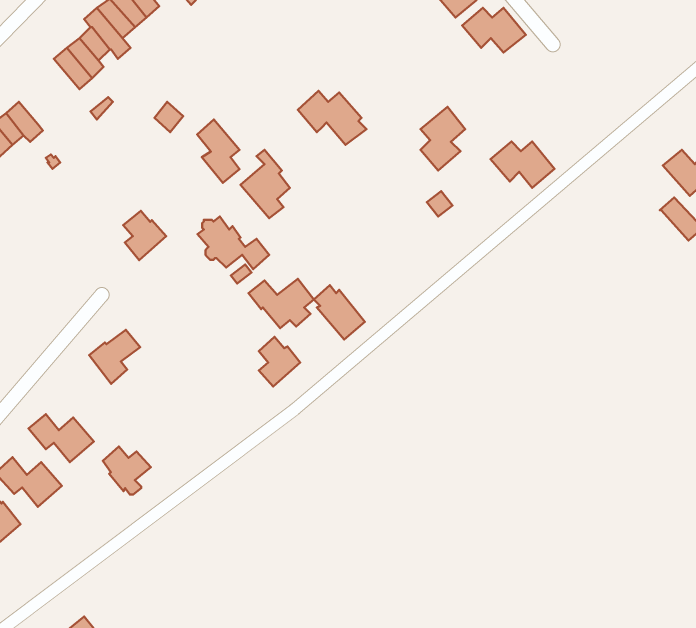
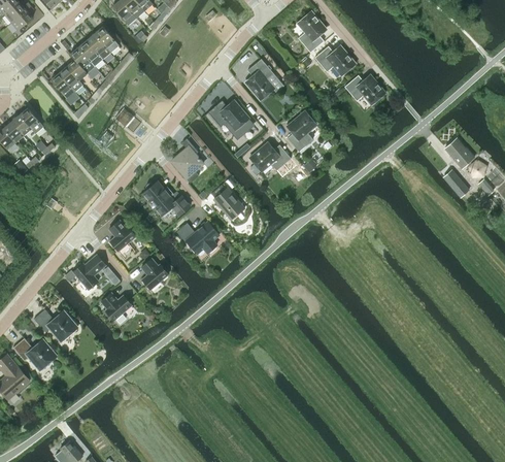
building: none -> [245,59,284,100]
building: [197,120,239,183] -> none
building: [491,142,554,188] -> [344,75,385,105]
building: none -> [249,142,291,171]
building: [123,211,166,260] -> [108,220,136,252]
building: [314,285,365,339] -> [211,185,244,220]
building: [259,337,300,386] -> [141,258,168,290]
building: [103,447,151,494] -> [101,292,132,323]

